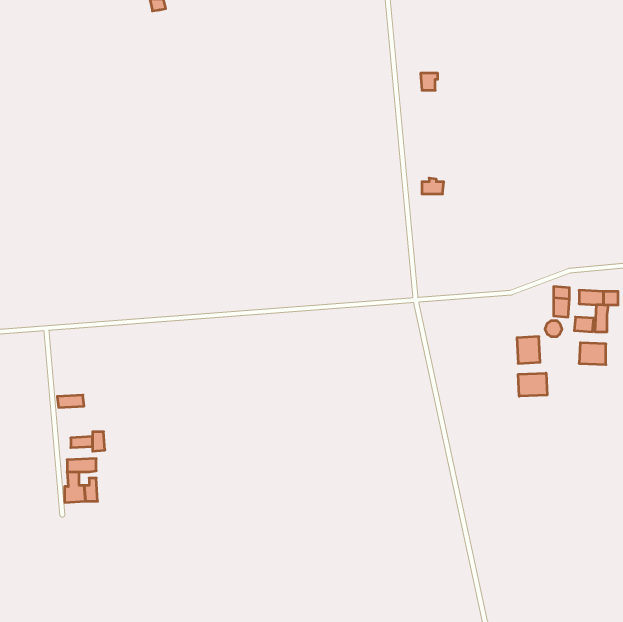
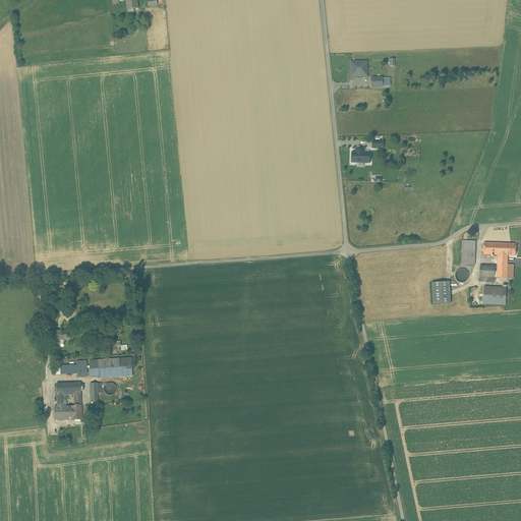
building: [518,373,547,396] -> none
building: none -> [89,357,132,377]

